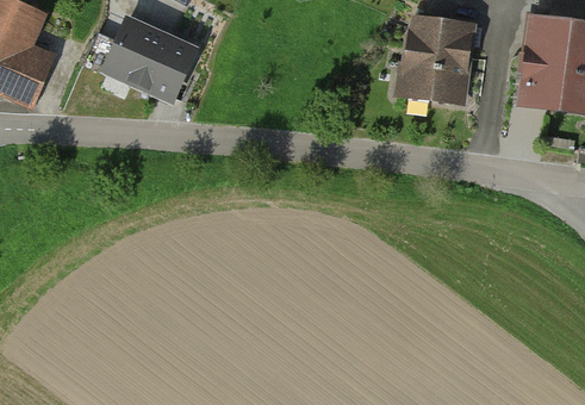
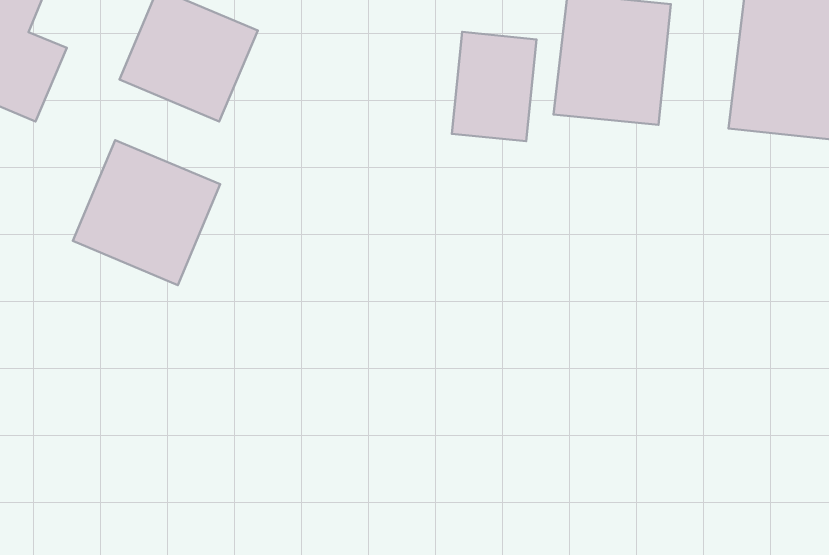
building: none -> [452,32,537,141]
building: none -> [73,140,220,285]

